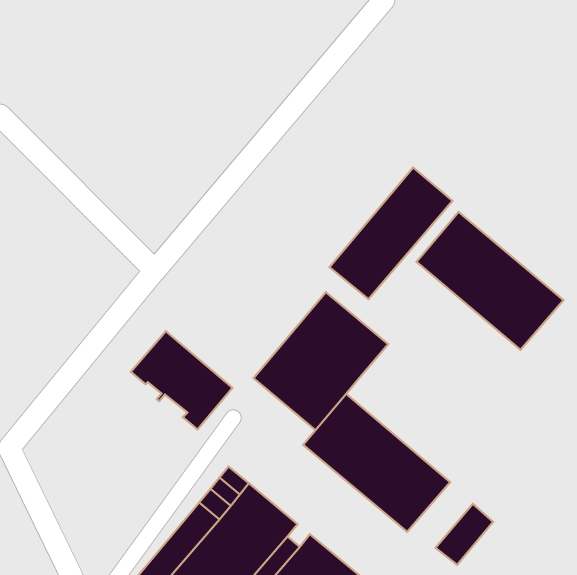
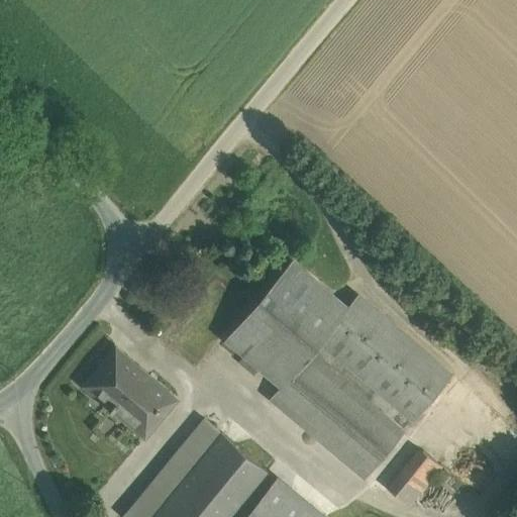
building: [330,168,452,299] -> none
building: [416,212,564,350] -> [320,298,451,421]
building: [131,331,233,430] -> [85,349,176,437]

